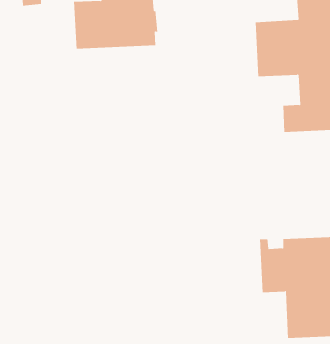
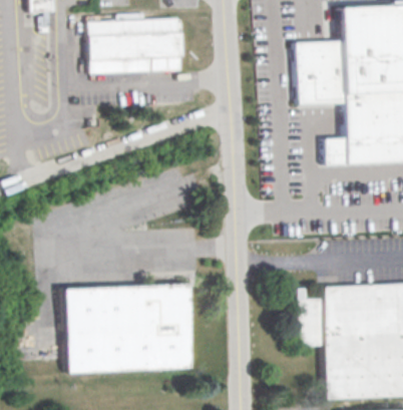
building: none -> [64,283,192,372]

